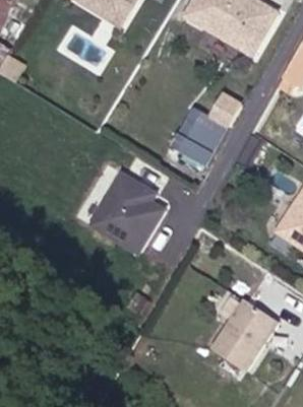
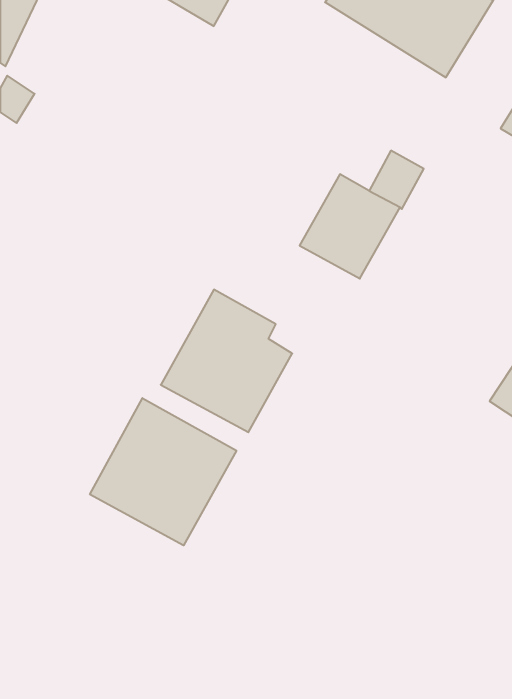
building: none -> [90,398,236,545]
building: [208,300,275,371] -> none

